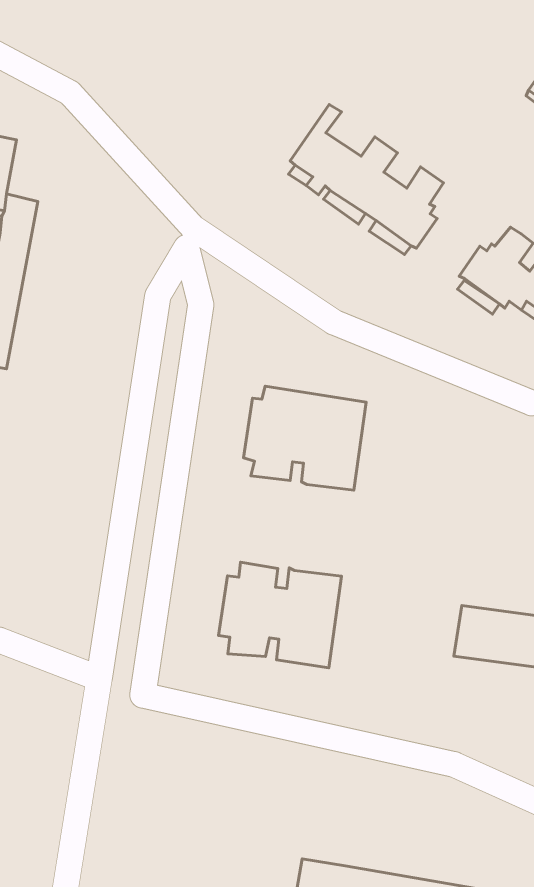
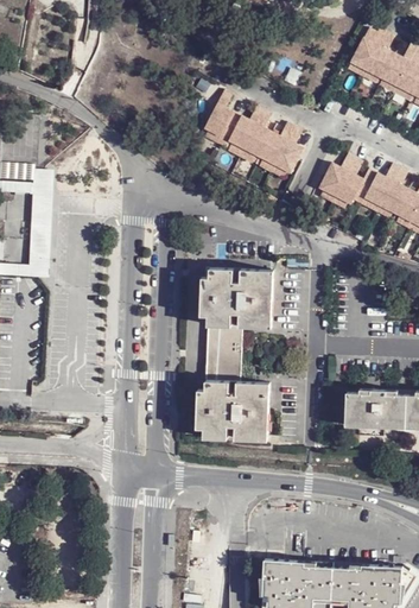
building: none -> [201,325,241,381]

